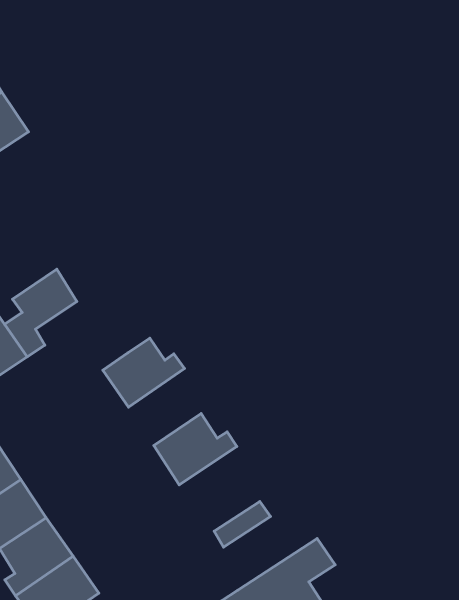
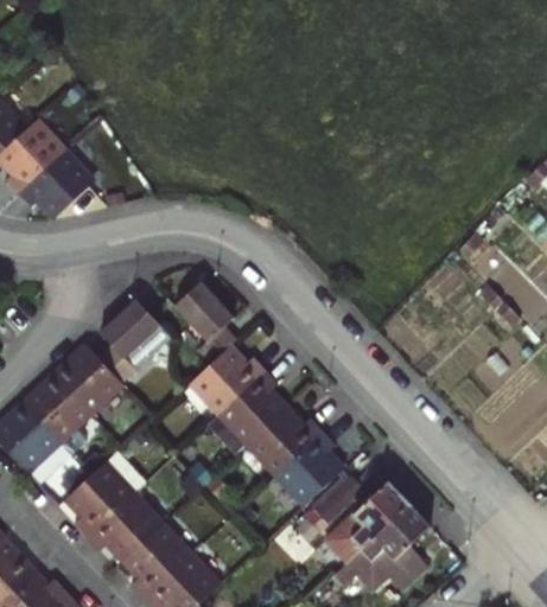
building: none -> [176,285,237,365]
building: none -> [220,371,286,445]
building: none -> [276,434,343,506]
building: none -> [324,483,408,563]

